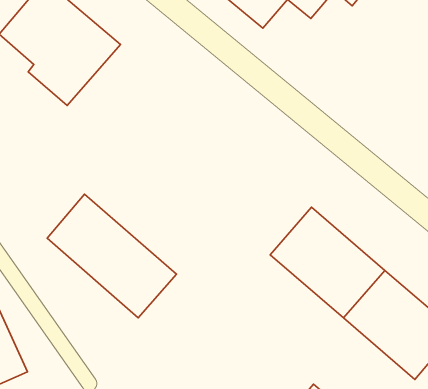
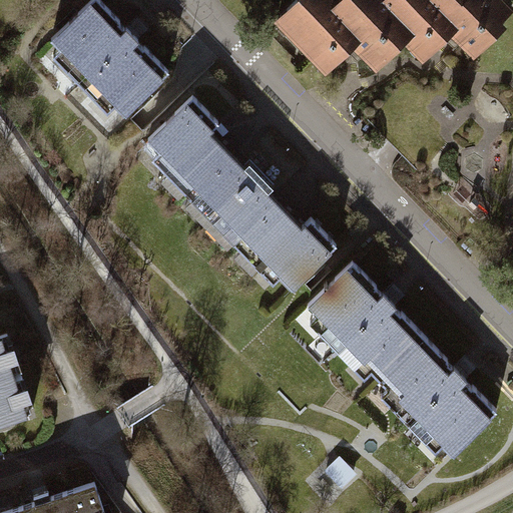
building: none -> [144,97,336,296]
building: [47,194,177,318] -> none

